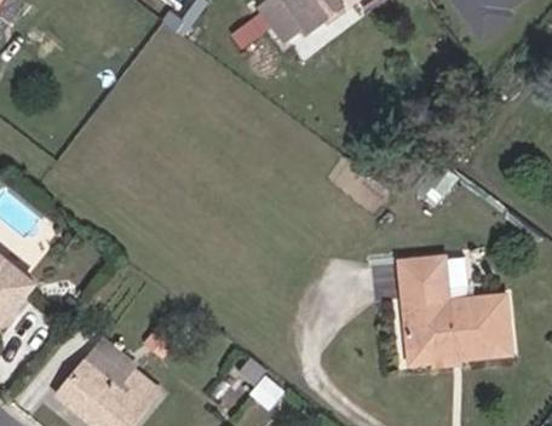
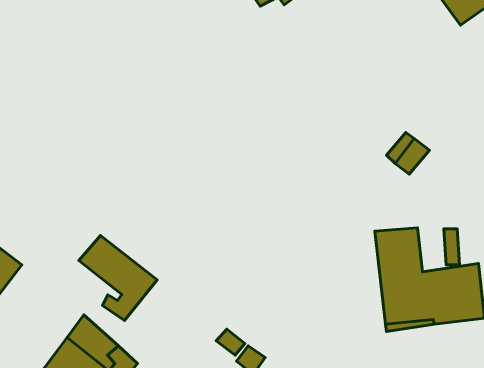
building: none -> [79,235,157,321]

